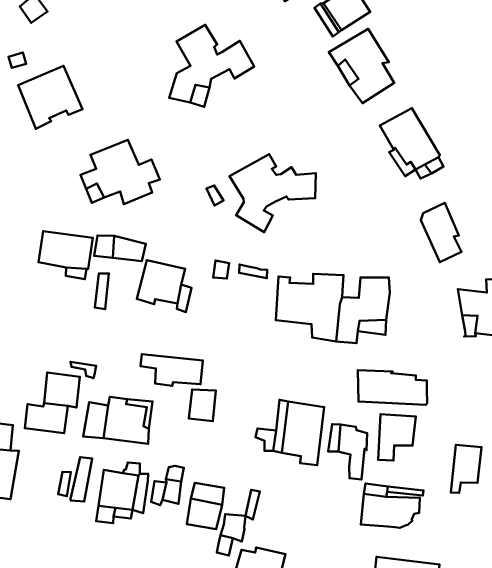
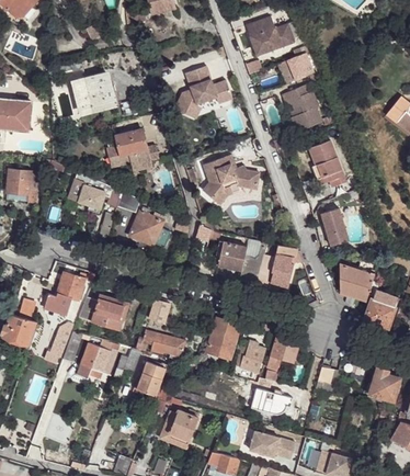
building: [140,354,203,386] -> [144,330,185,356]
building: [358,370,427,405] -> none

